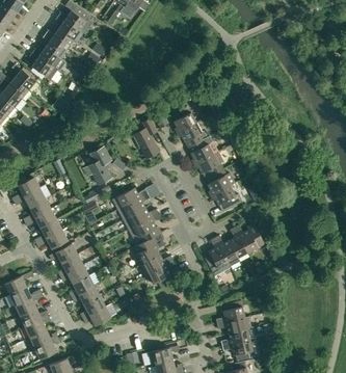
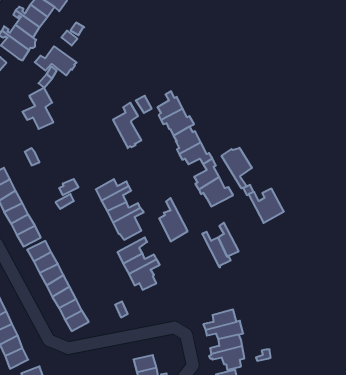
building: none -> [35,46,77,75]
building: [83,146,111,184] -> [22,88,53,129]
building: none -> [222,148,252,188]
building: [234,221,266,252] -> [248,189,284,223]
building: [204,237,230,276] -> [159,198,188,241]

